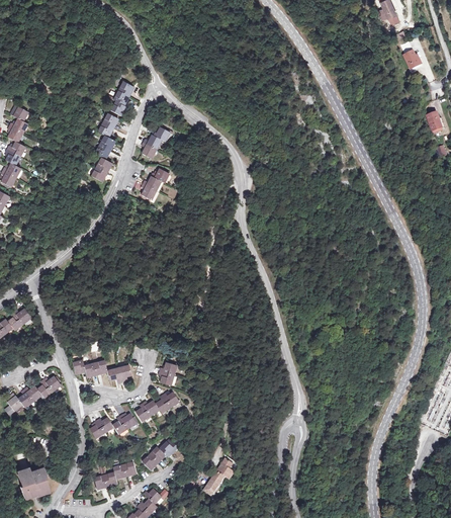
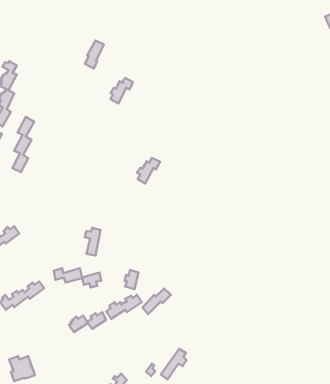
building: [92,112,118,180] -> [12,117,34,172]
building: [141,168,169,199] -> [137,158,160,183]
building: none -> [85,228,101,255]
building: [144,438,178,469] -> [143,288,171,314]
building: [95,461,137,489] -> none

